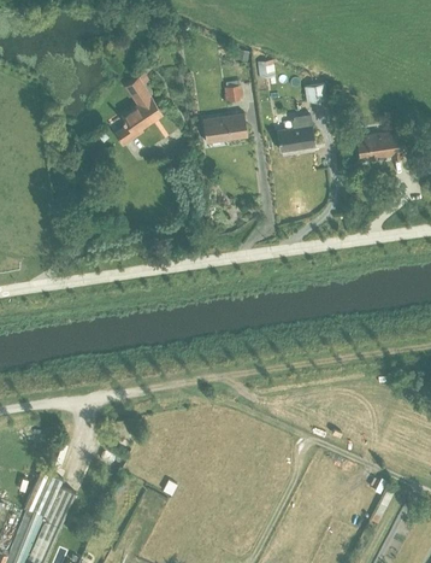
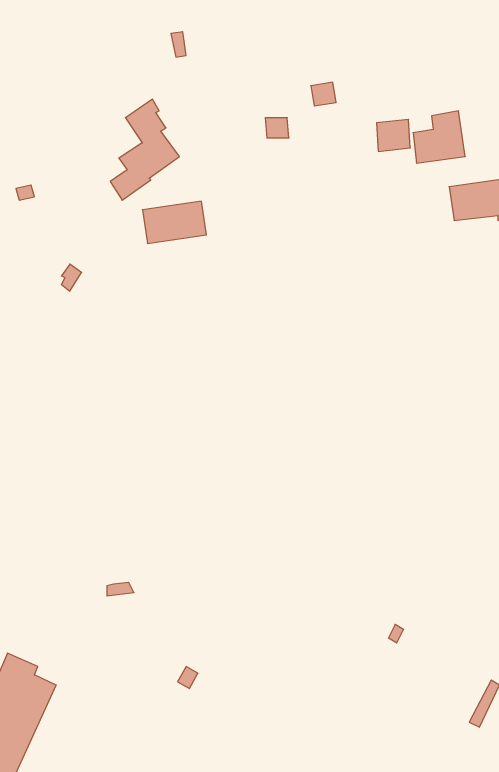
building: [201,113,247,143] -> [142,201,206,243]
building: [277,115,314,152] -> [413,111,465,163]

